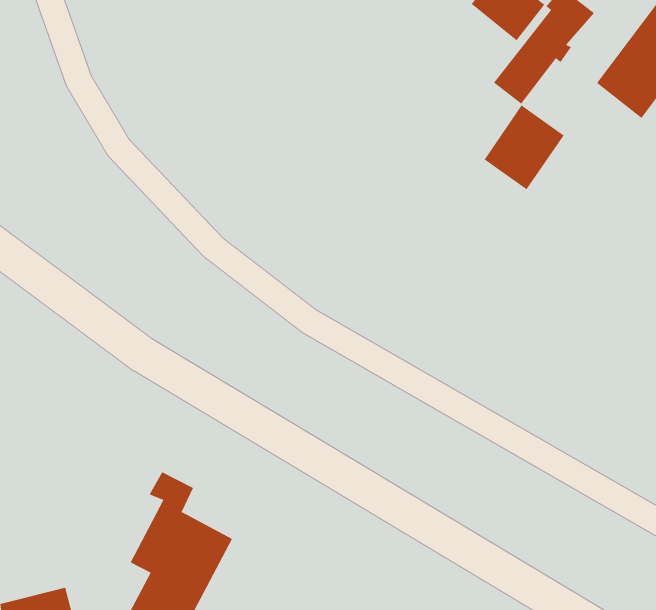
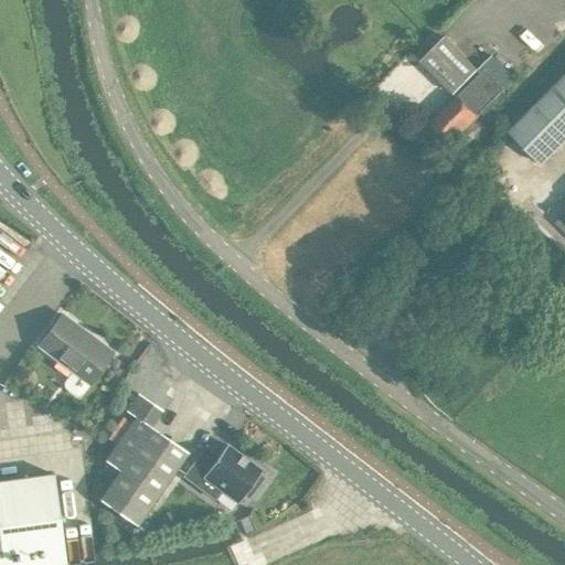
building: [484,105,564,190] -> none
building: none -> [39,315,111,394]
building: none -> [183,445,263,503]

